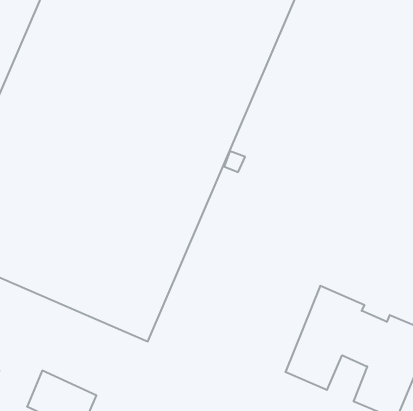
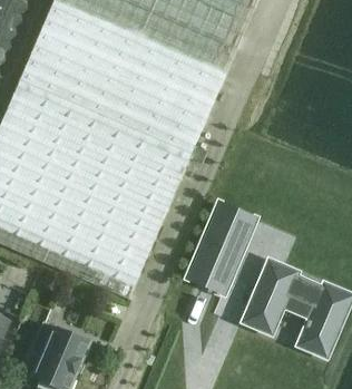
building: none -> [183,197,261,296]

